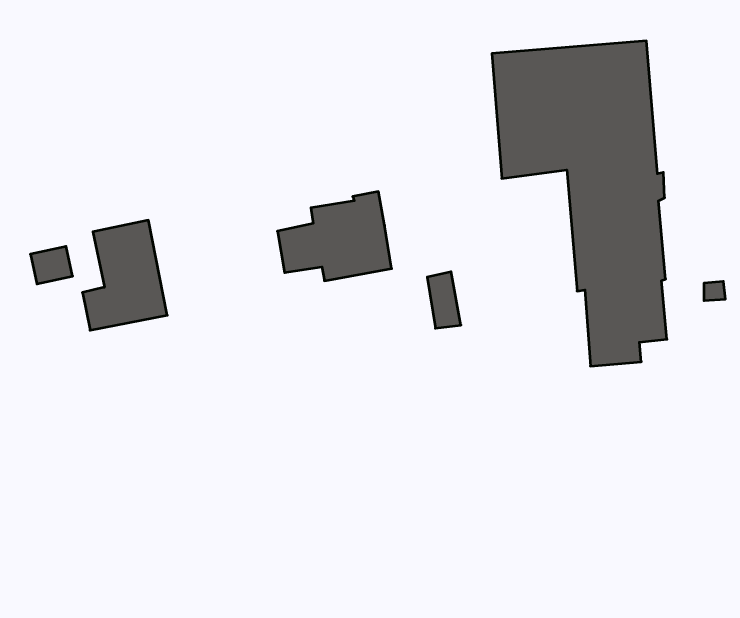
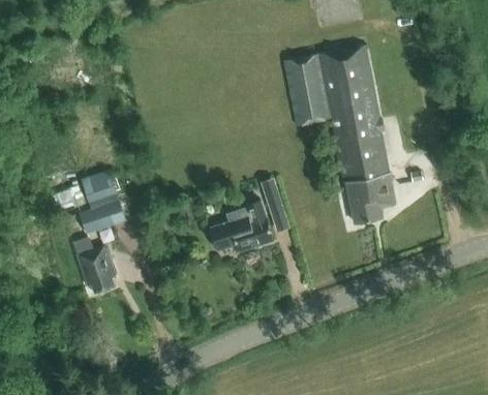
building: [277,192,392,281] -> [210,201,273,251]
building: none -> [73,239,115,293]

